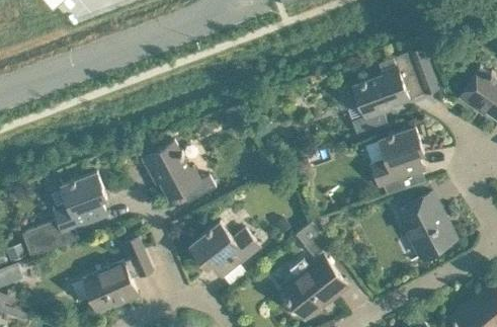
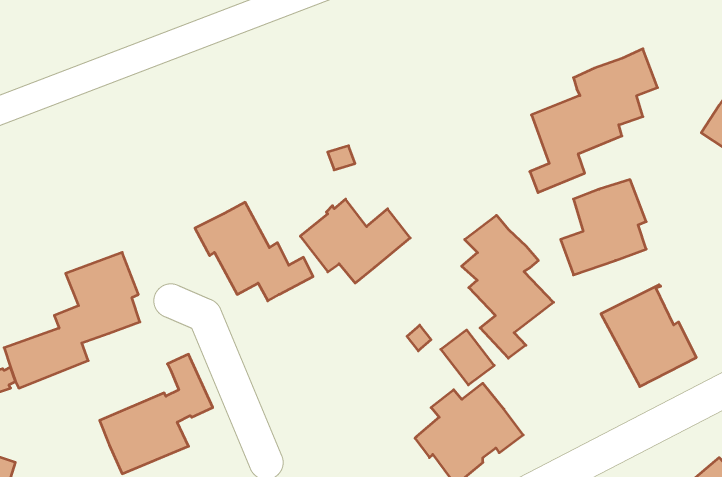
building: none -> [462,215,554,358]
building: [190,223,259,275] -> [300,199,410,283]

